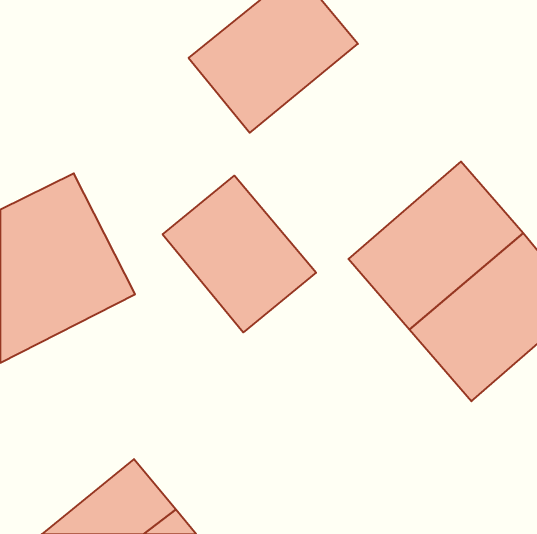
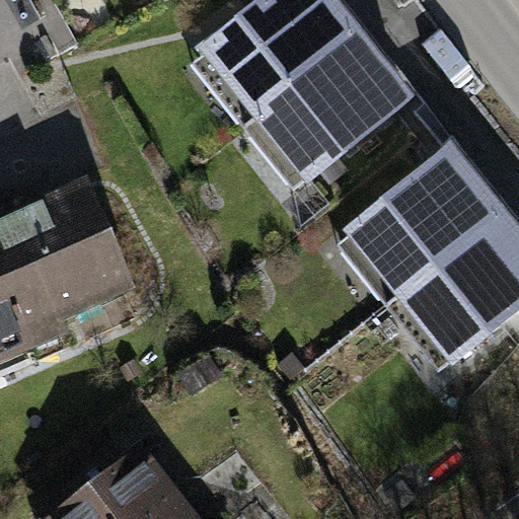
building: none -> [246,42,407,196]
building: [163,176,316,332] -> none

